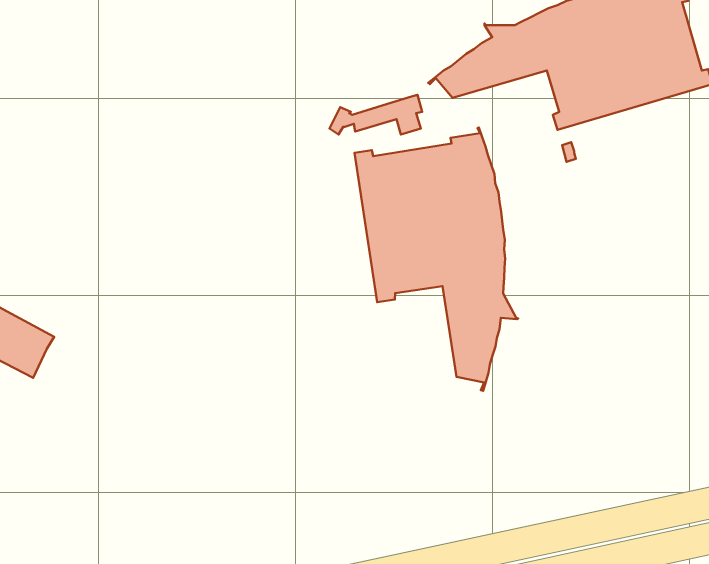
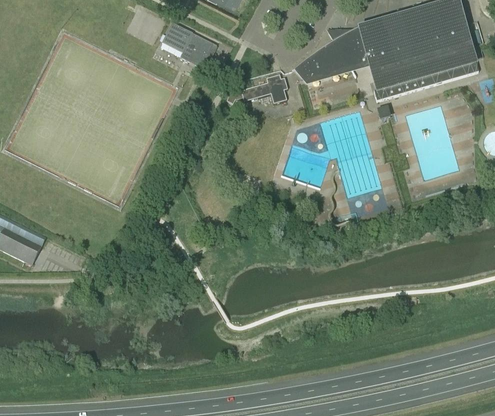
building: none -> [162,24,213,69]
building: [354,128,518,391] -> none

